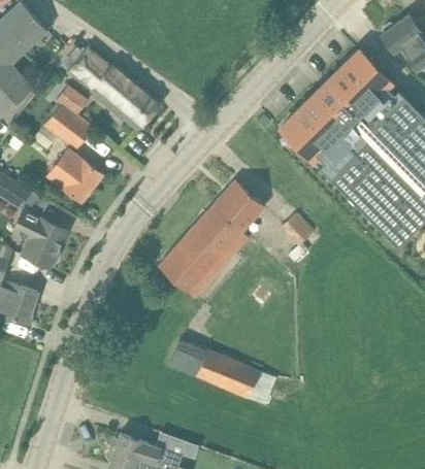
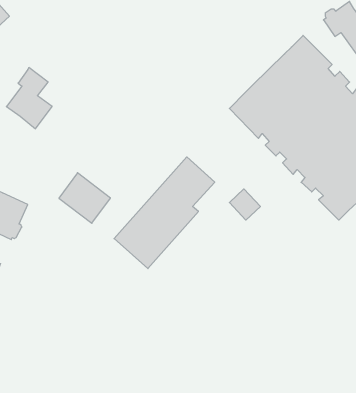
building: [68,45,160,126] -> none
building: [46,147,101,201] -> [59,173,110,223]
building: [167,337,275,406] -> none

